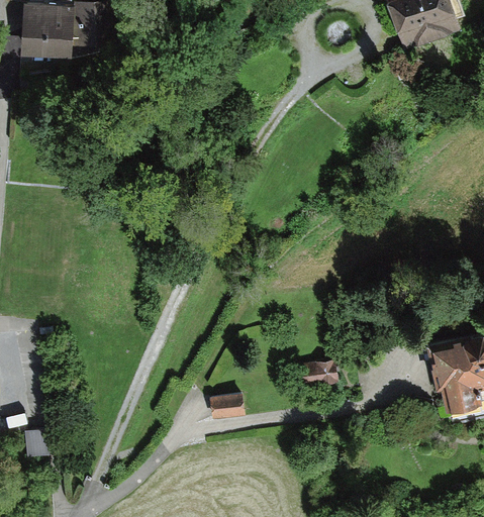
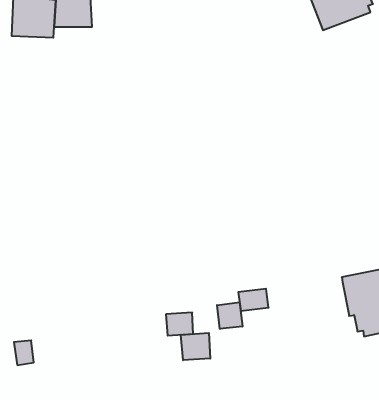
building: none -> [217,302,242,329]
building: none -> [181,333,210,360]

